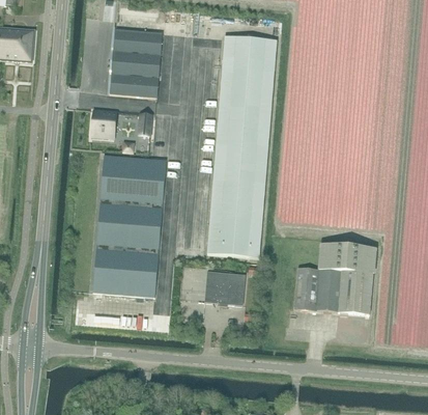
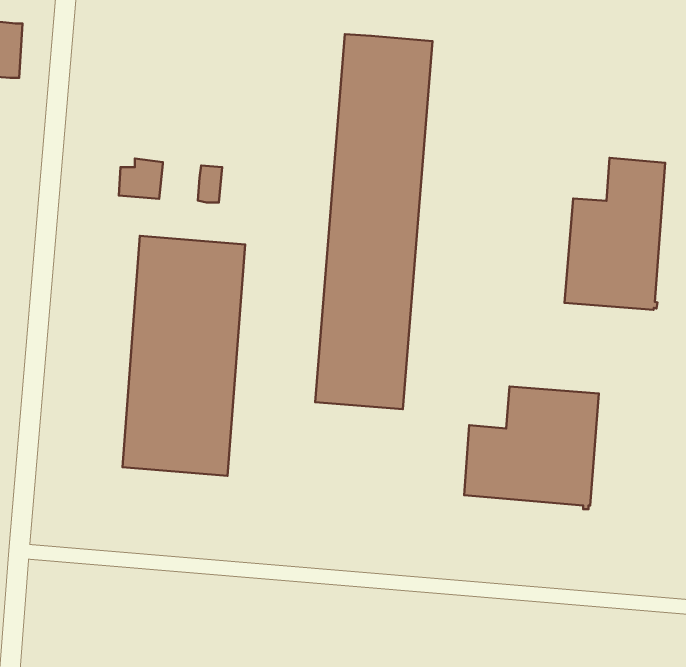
building: [108,28,161,96] -> none
building: none -> [565,158,665,310]
building: [204,271,244,304] -> none

